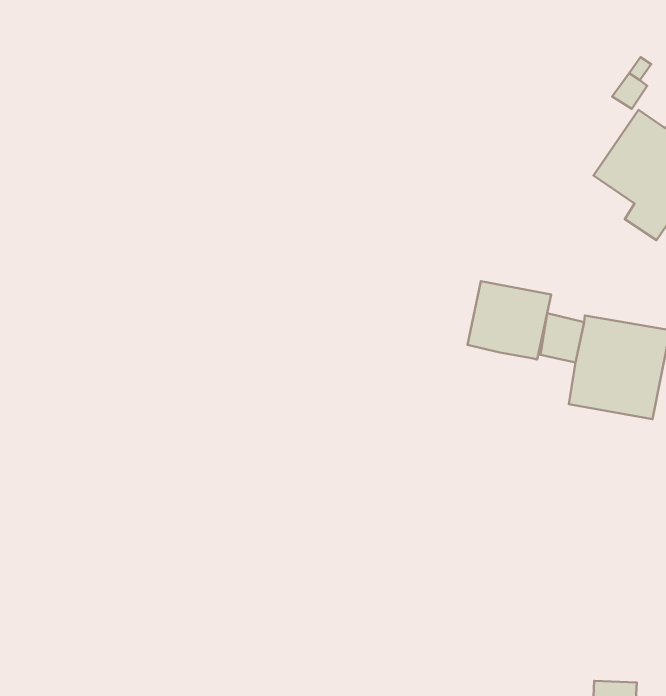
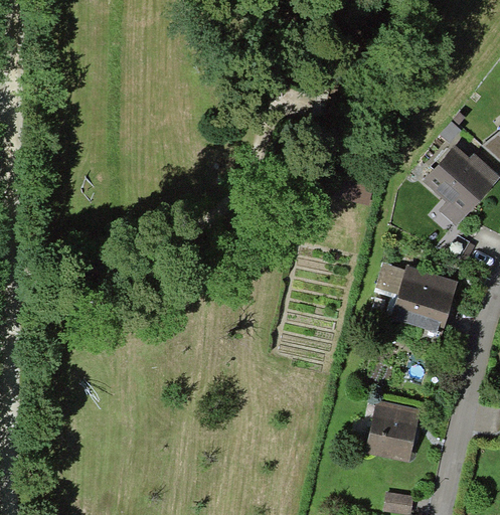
building: [467,281,551,359] -> none
building: none -> [365,399,421,461]

